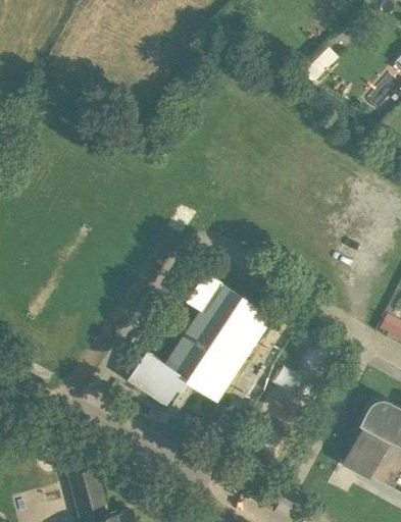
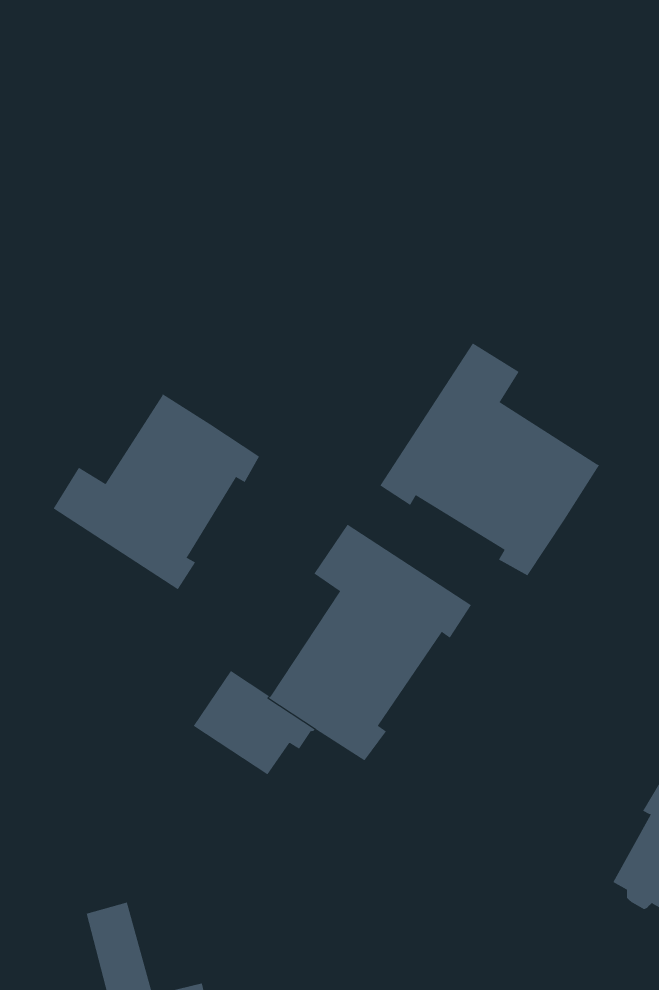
building: none -> [379,343,600,576]
building: none -> [53,393,260,590]

